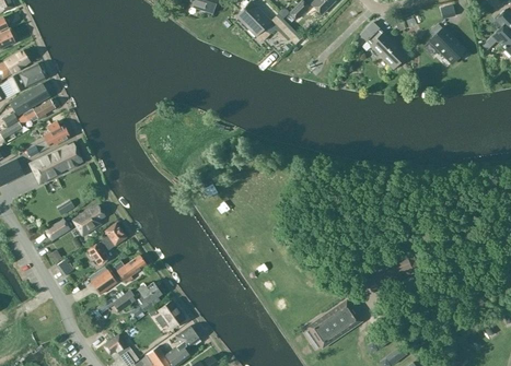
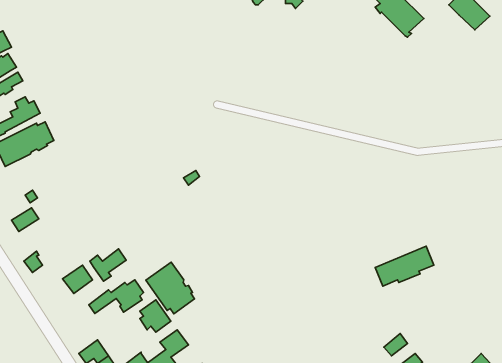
building: [71,204,103,235] -> none
building: [86,222,125,264] -> none
building: none -> [146,262,194,314]
building: [309,302,358,345] -> none

